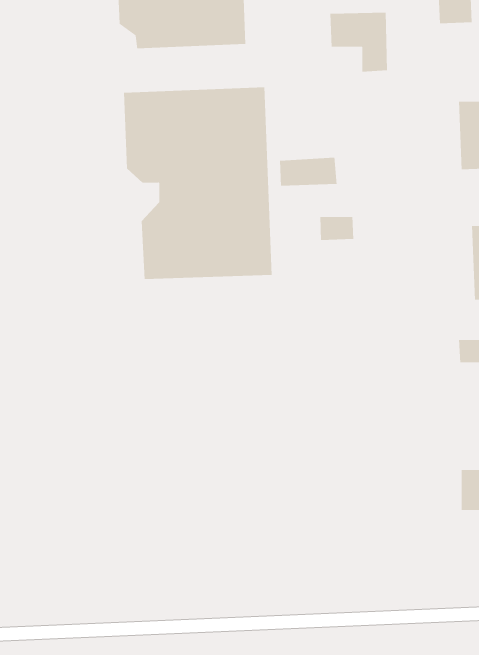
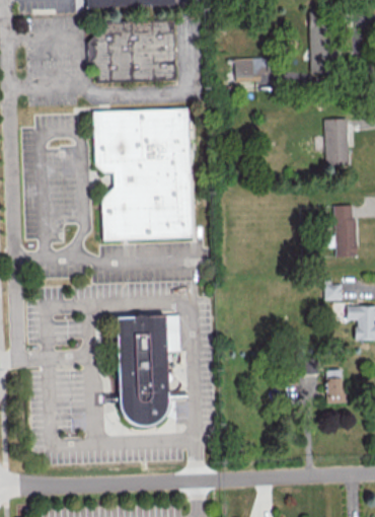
building: [280,157,337,187] -> none
building: [320,216,354,241] -> none
building: none -> [118,315,181,427]

